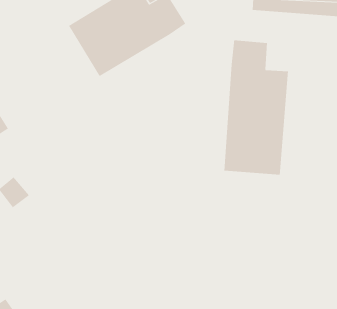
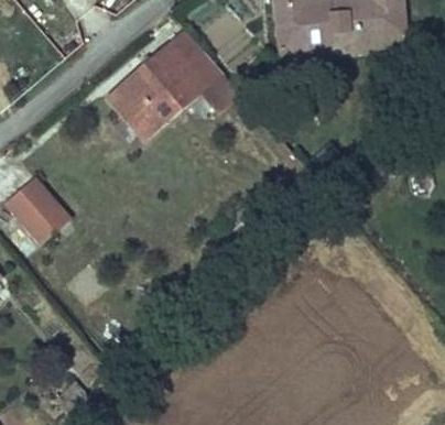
building: [224,40,289,176] -> none

